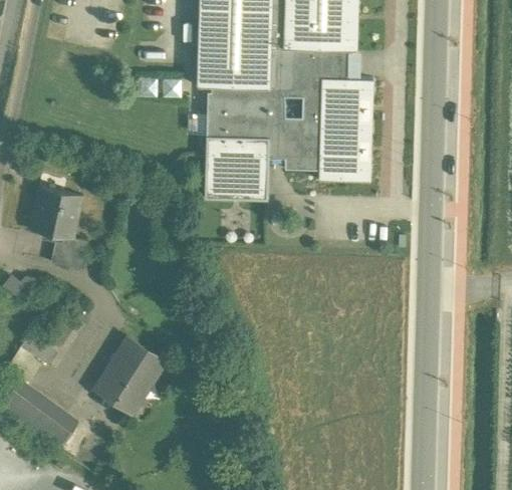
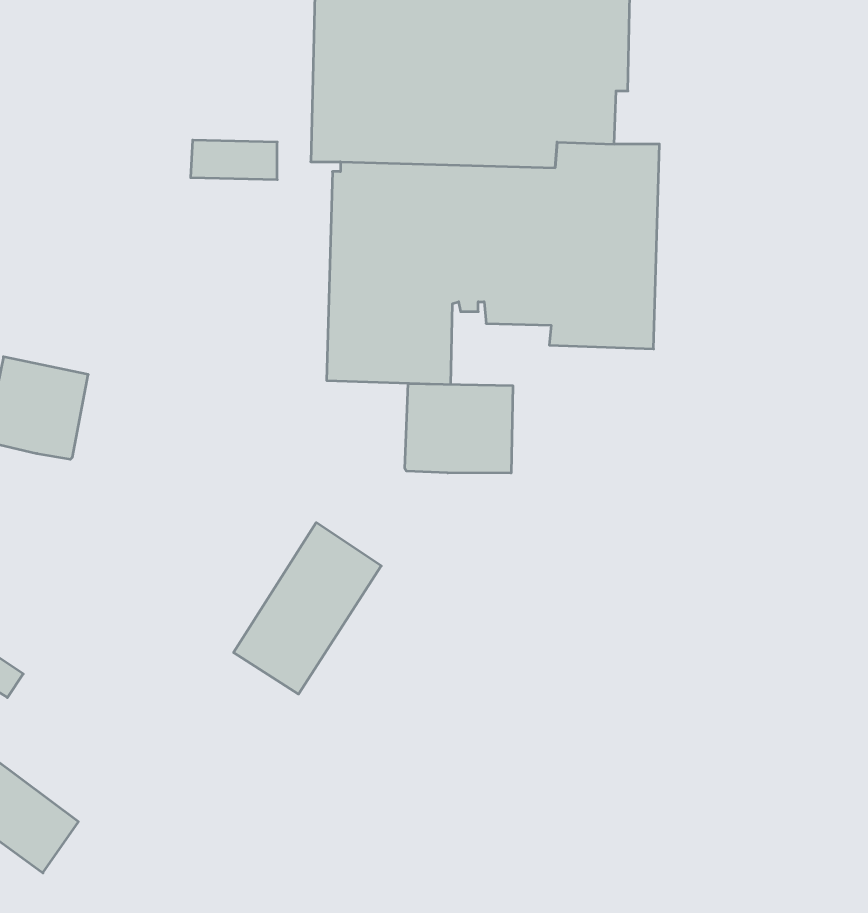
building: none -> [405,384,513,473]
building: [51,234,88,267] -> none
building: [87,337,163,425] -> [234,523,381,694]

